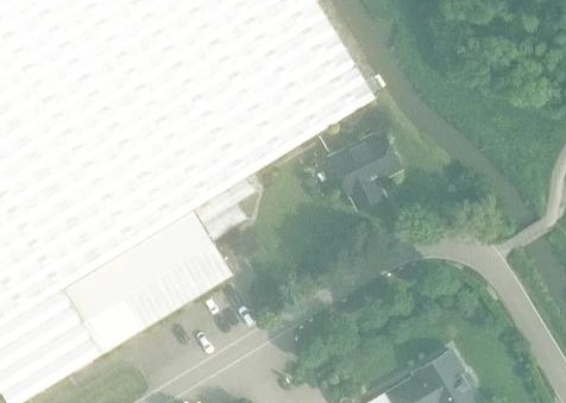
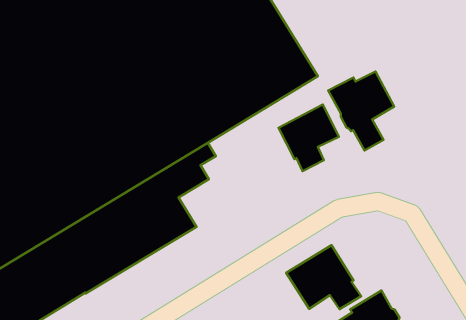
building: none -> [328,71,394,151]
building: none -> [286,245,361,309]

